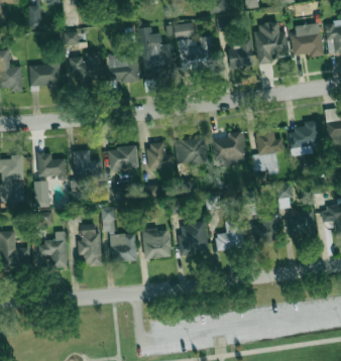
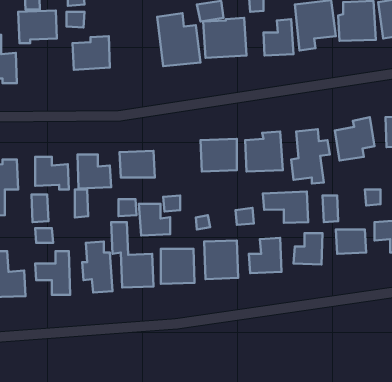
building: [106,54,137,82] -> none
building: [28,64,61,91] -> [18,11,57,43]
building: [146,142,173,168] -> [139,204,170,235]
building: none -> [263,192,308,223]

